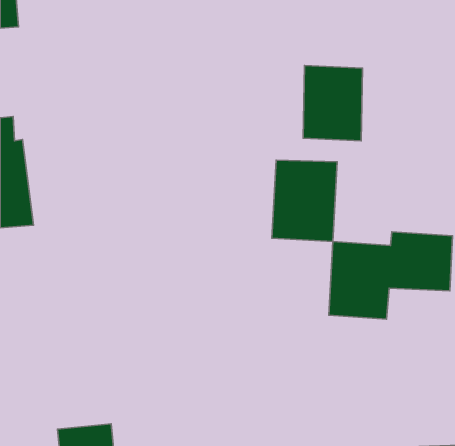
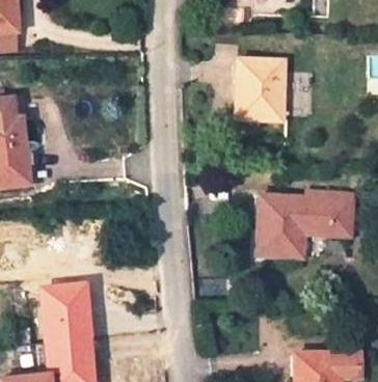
building: [272,160,337,241] -> none
building: none -> [43,285,89,342]

